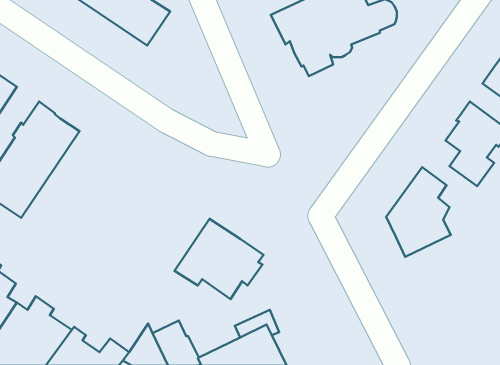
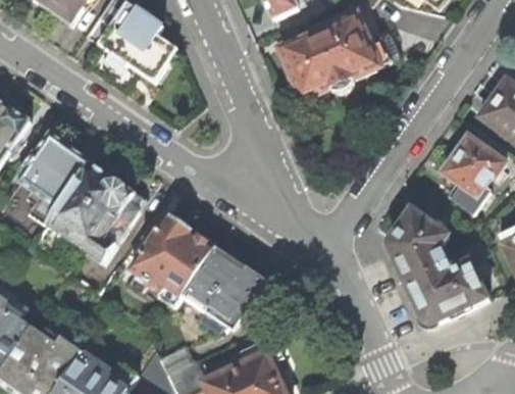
building: none -> [34,161,146,262]
building: none -> [131,214,215,300]
building: none -> [404,259,486,328]

